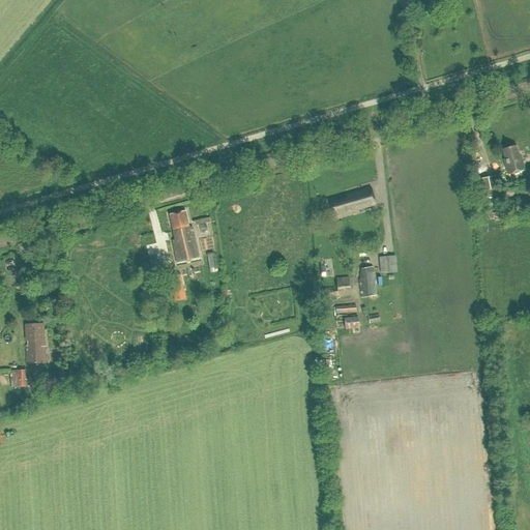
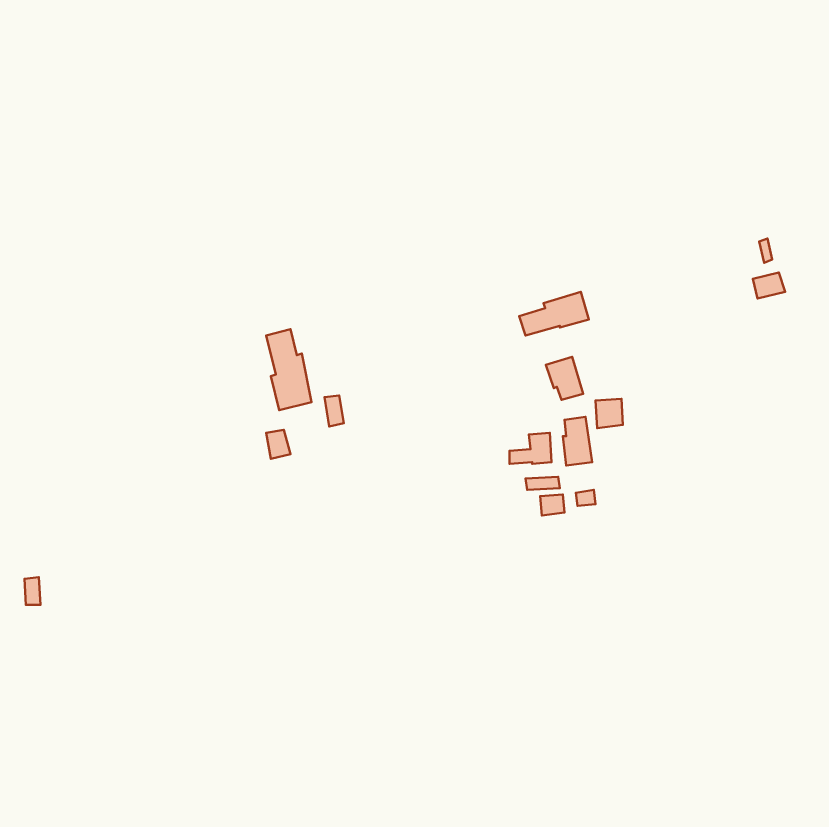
building: [502,144,525,174] -> none
building: none -> [546,357,583,400]
building: [26,323,46,363] -> none

